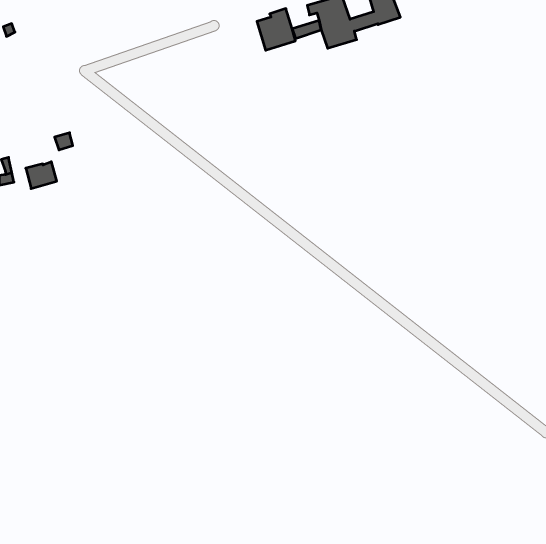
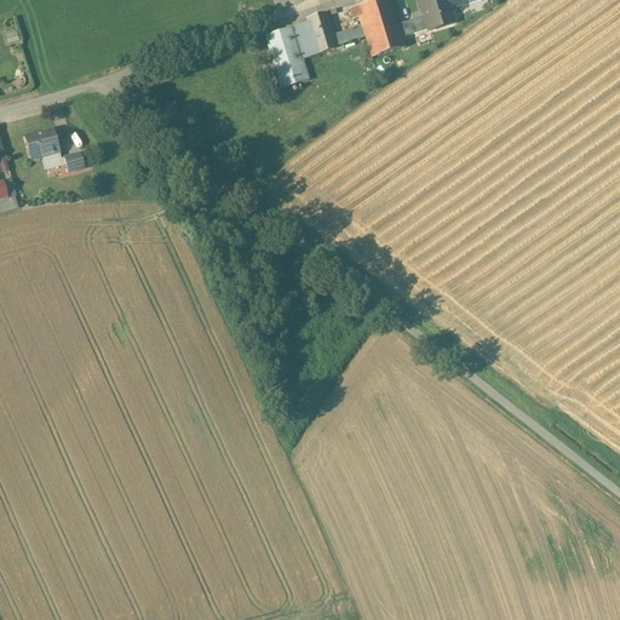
building: none -> [263,24,306,86]
building: [26,162,57,189] -> [23,127,58,157]

